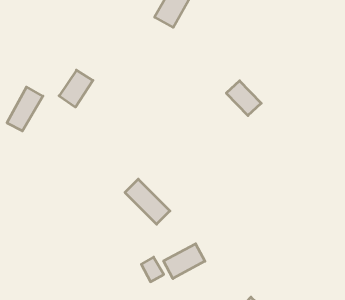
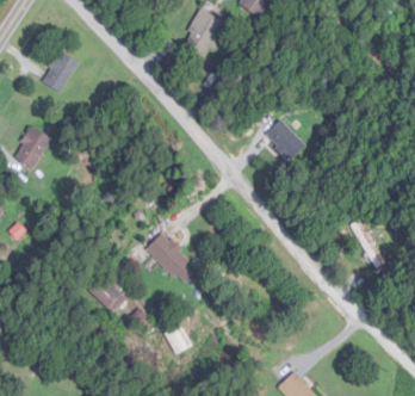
building: [59,70,93,107] -> [41,50,80,93]
building: none -> [89,277,123,310]
building: [164,244,205,279] -> none

